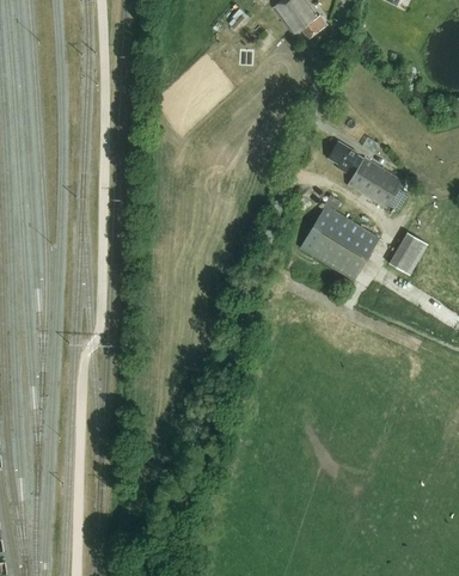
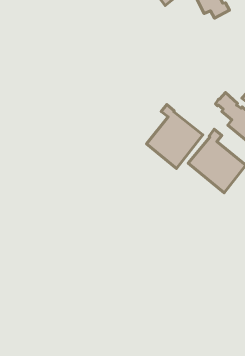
building: none -> [147,104,203,168]

